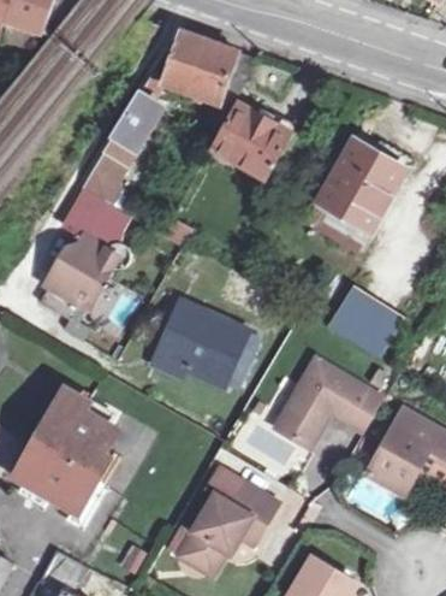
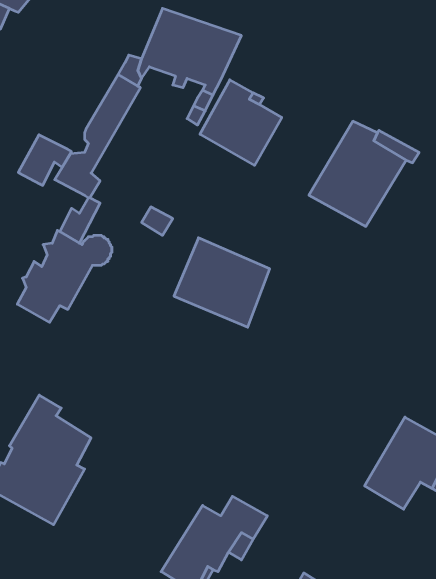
building: [61,190,111,237] -> [18,135,71,185]
building: [326,287,403,359] -> none
building: [157,301,246,384] -> [174,238,270,327]
building: [276,359,385,447] -> none

